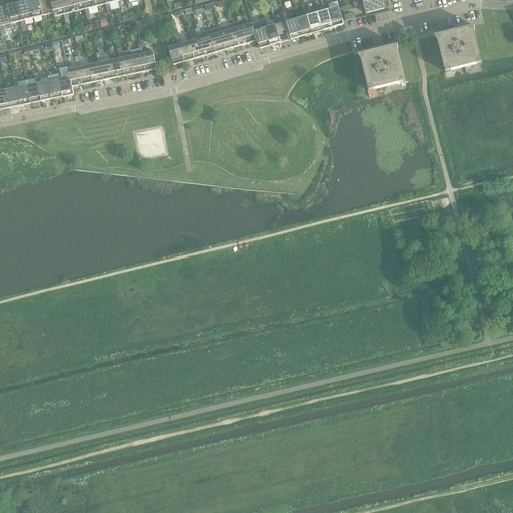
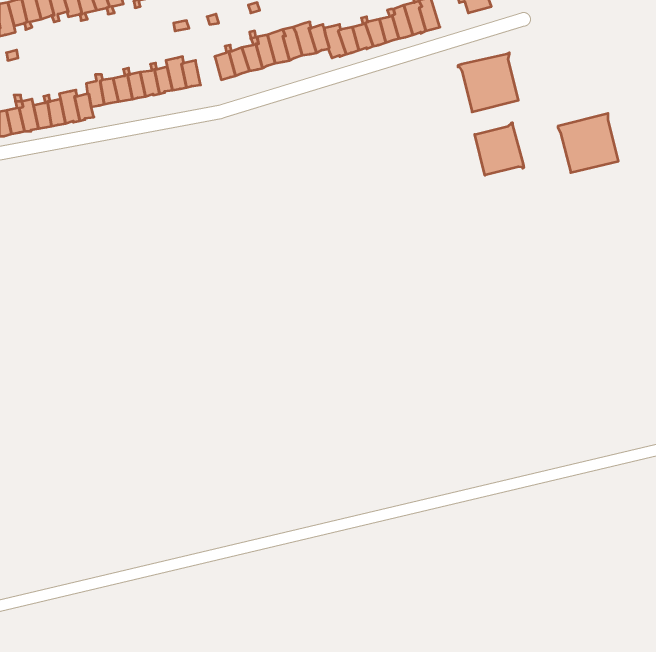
building: [434,22,481,68] -> [558,113,618,173]
building: none -> [475,123,524,175]

